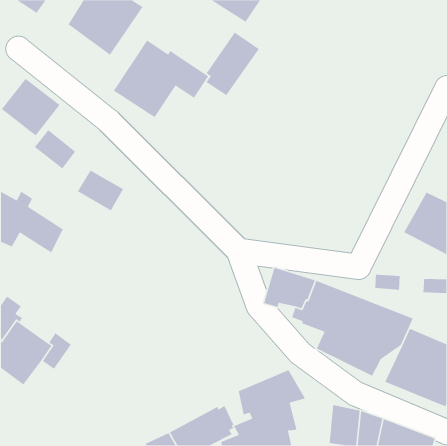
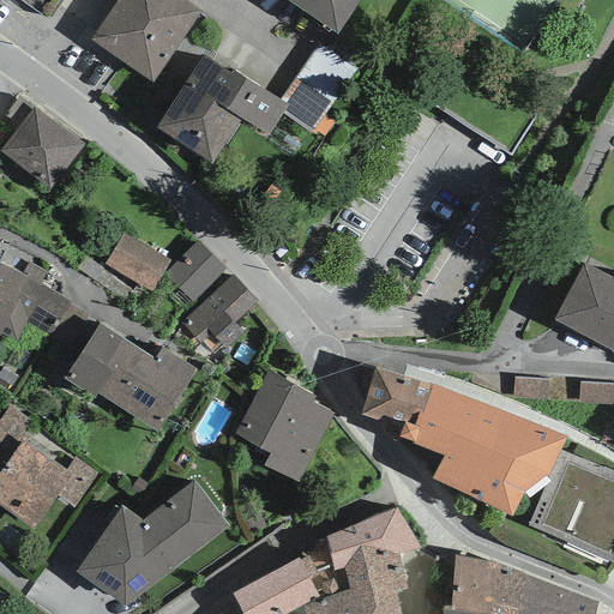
building: [34,129,76,170] -> none
building: none -> [165,240,225,300]
building: none -> [180,273,257,353]
building: none -> [64,324,197,431]
building: none -> [234,368,335,482]
building: none -> [76,480,229,606]

